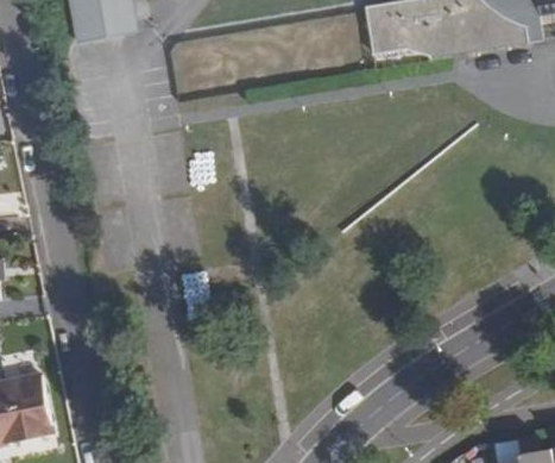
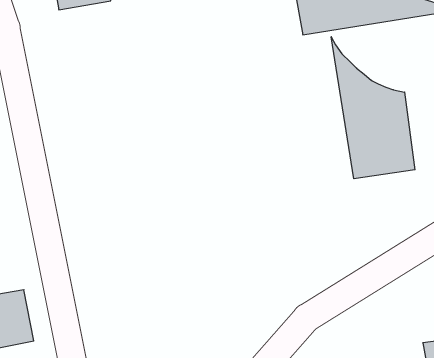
building: none -> [331,37,415,179]

